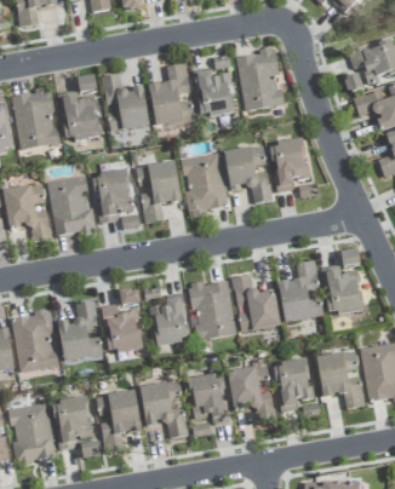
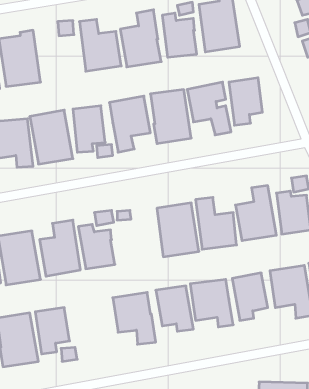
building: [58,90,101,140] -> none
building: [150,290,189,344] -> none
building: [96,390,141,449] -> none

